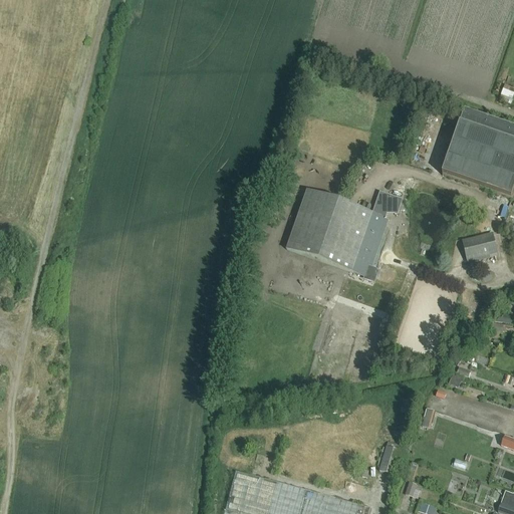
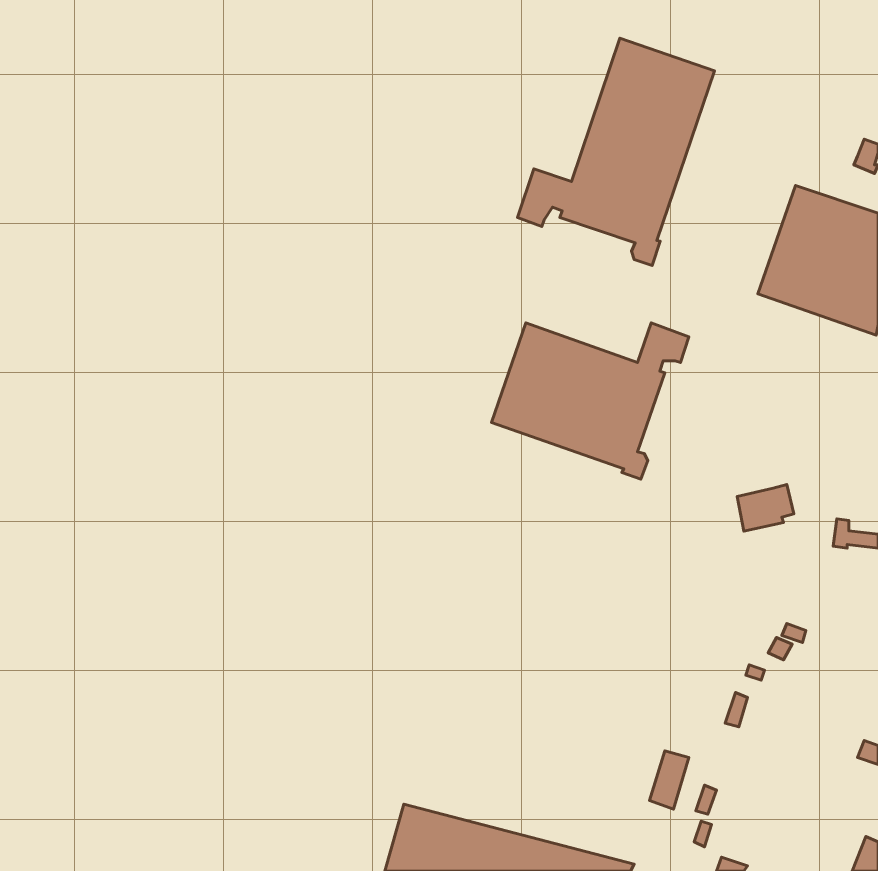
building: none -> [518,38,714,265]
building: [464,232,497,259] -> [737,485,794,531]

